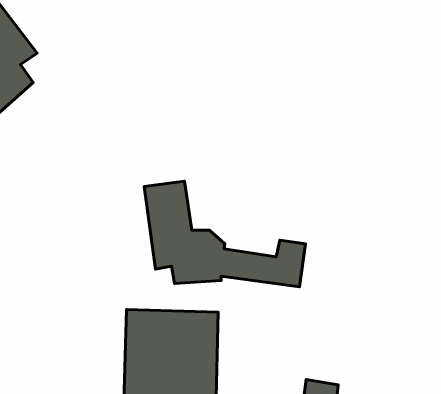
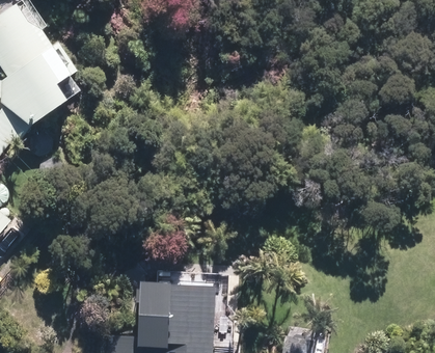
building: [144,181,305,287] -> none

